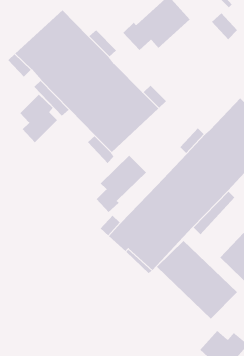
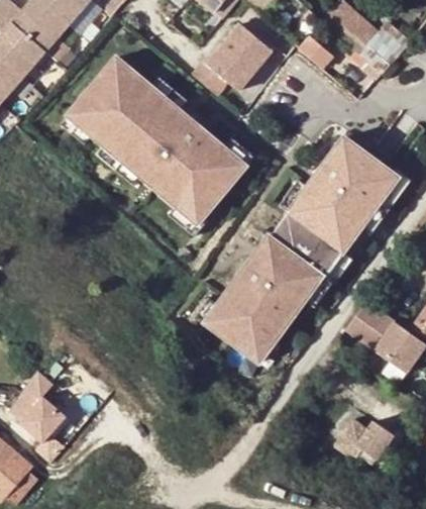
building: [20,94,58,143] -> none
building: [96,155,147,213] -> none
building: [156,240,238,320] -> none

